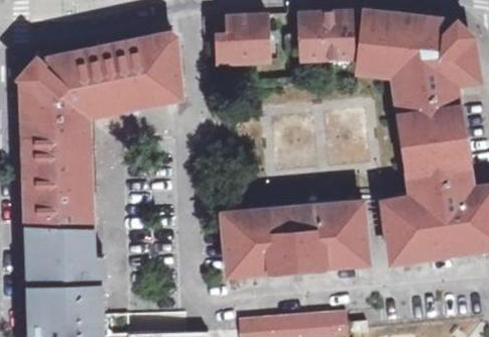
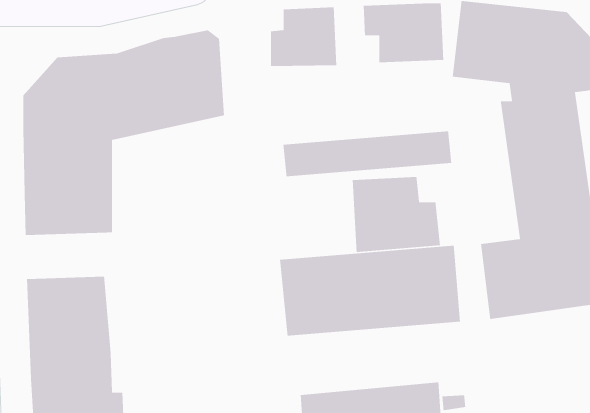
building: none -> [282,131,452,177]
building: none -> [352,176,441,253]
building: [24,192,89,227] -> none

